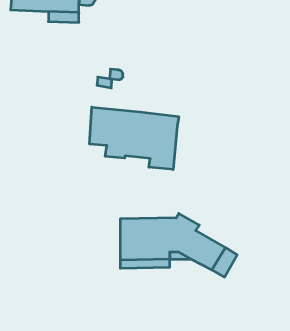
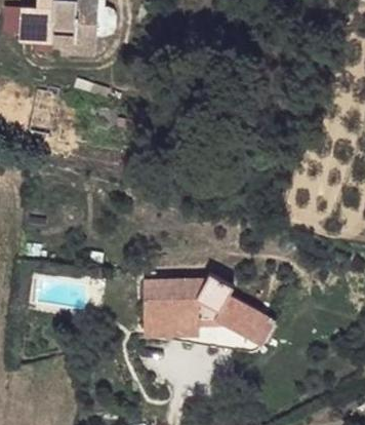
building: [90,107,179,170] -> none

